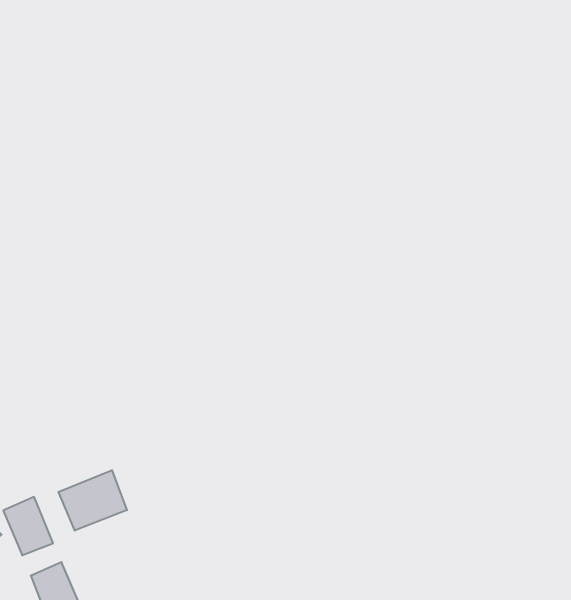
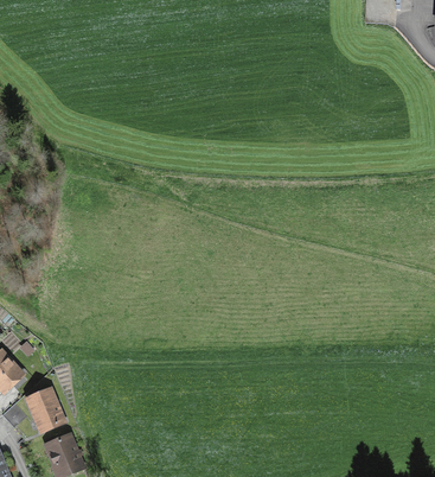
building: [58,470,127,531] -> none

